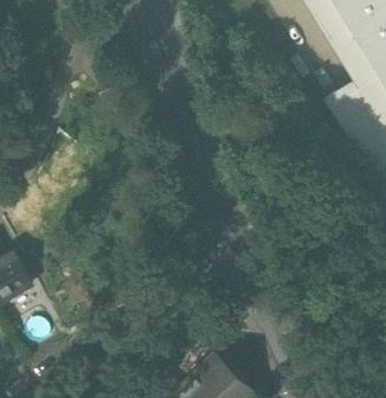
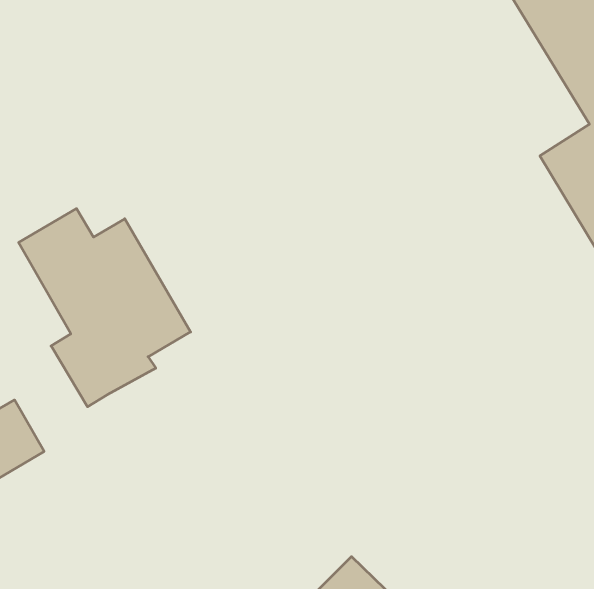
building: none -> [19,209,191,407]

